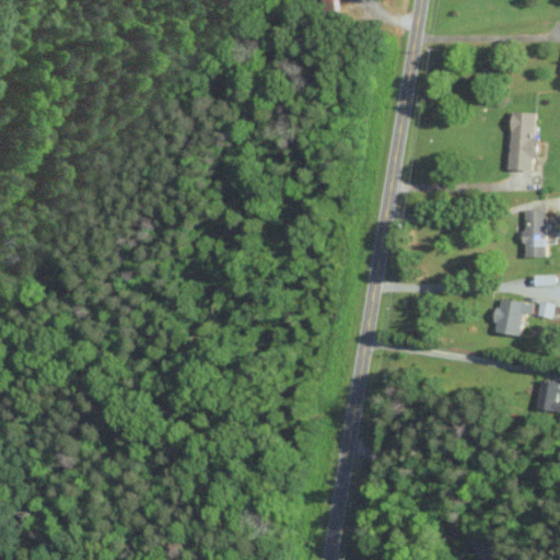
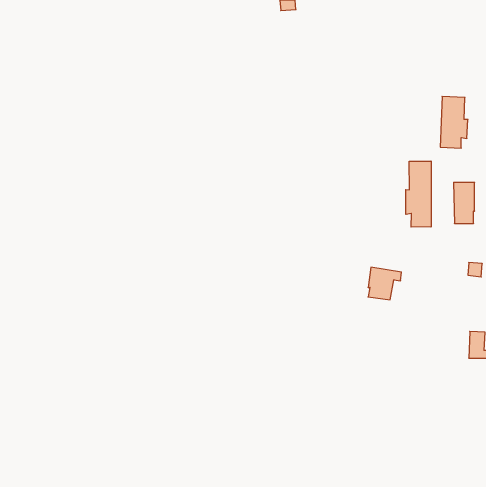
building: none -> [406,161,431,227]
building: [494,299,533,336] -> [368,267,401,300]

